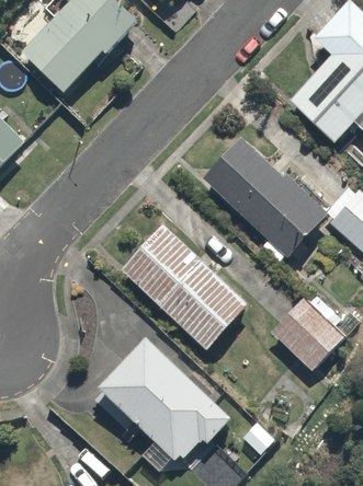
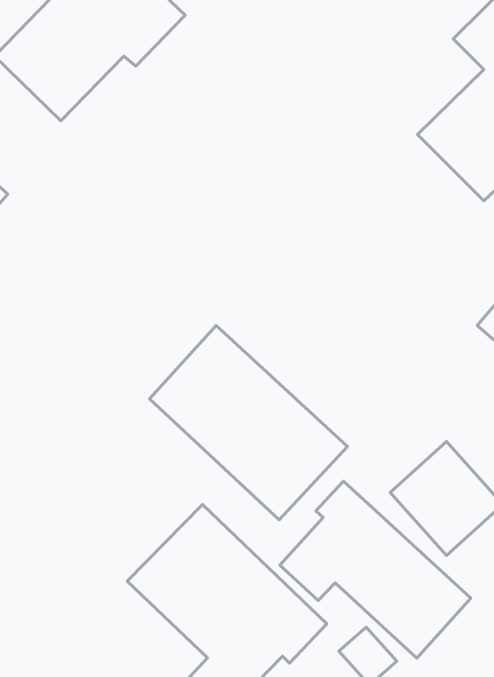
building: [203,138,327,267] -> none
building: none -> [280,481,471,658]

